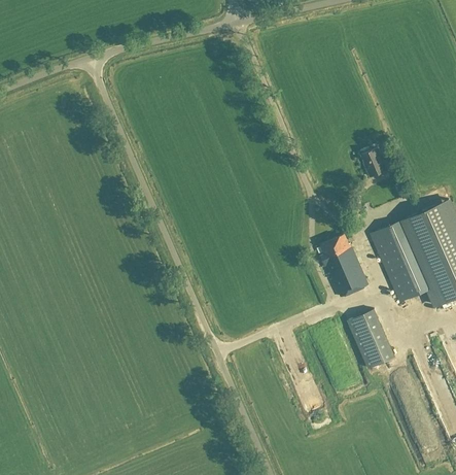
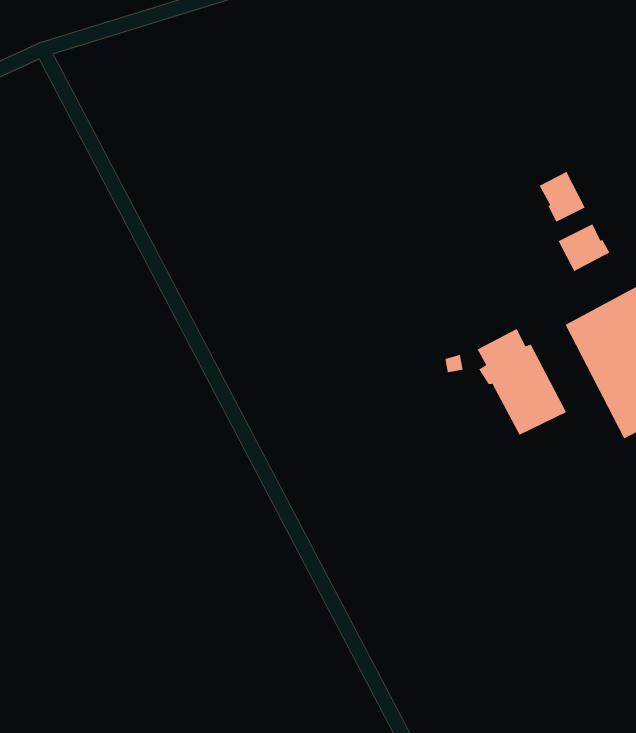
building: none -> [558,223,611,272]
building: [348,304,391,362] -> none

